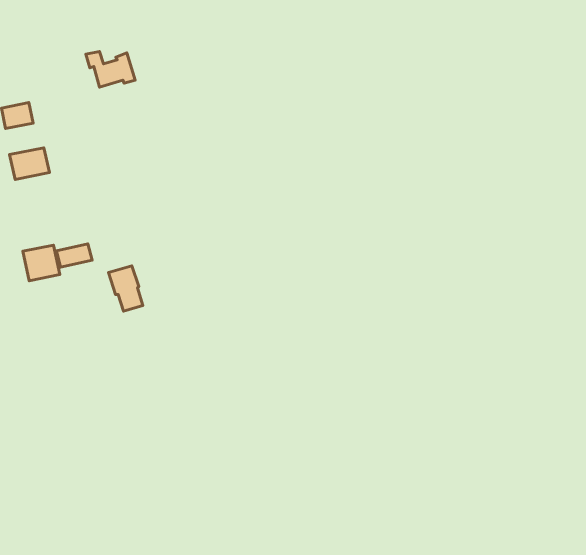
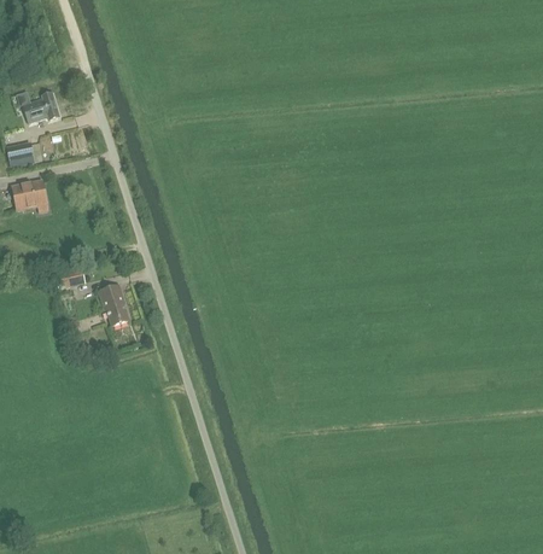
building: [86,52,135,87] -> [16,92,59,123]
building: [23,245,60,281] -> none

